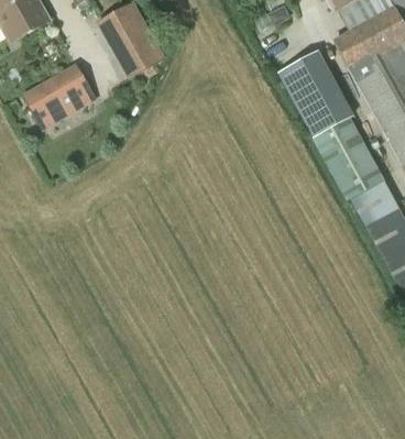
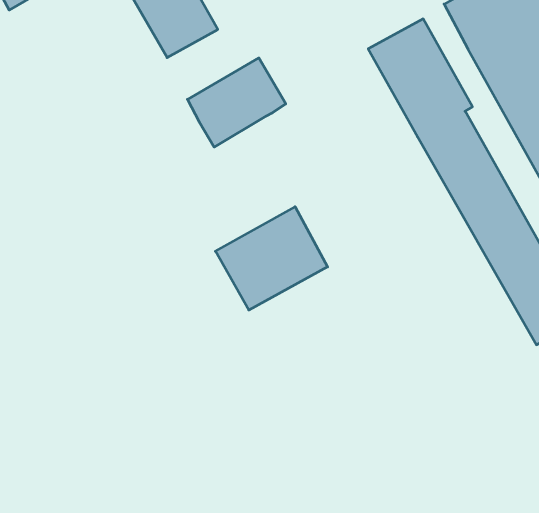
building: [22,63,95,129] -> [187,58,286,147]
building: none -> [215,207,328,310]

